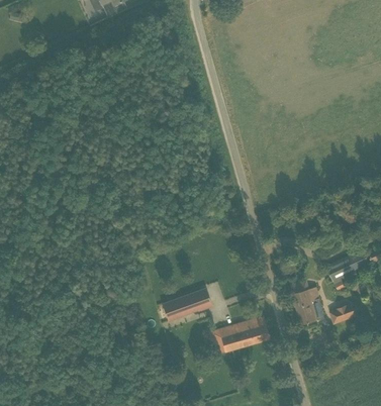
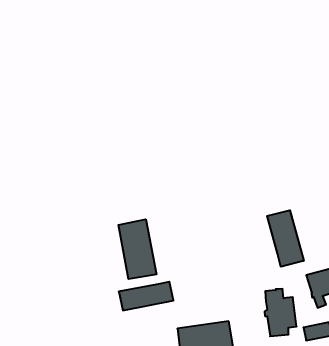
building: none -> [267,210,304,267]
building: none -> [118,219,156,279]

